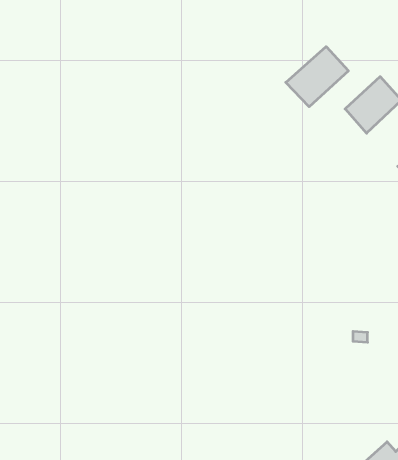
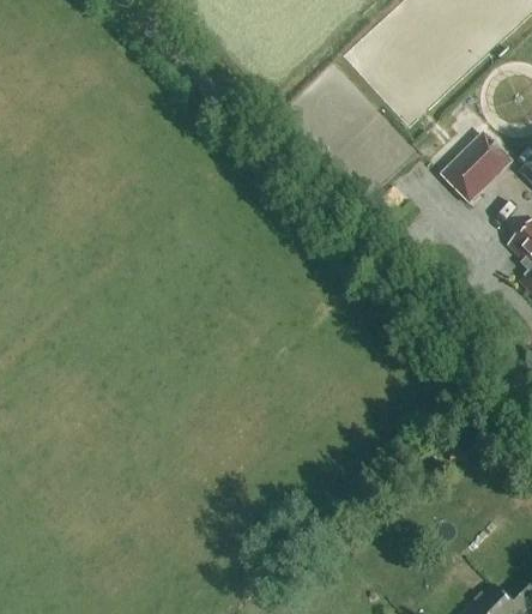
building: [286,47,348,107] -> none

